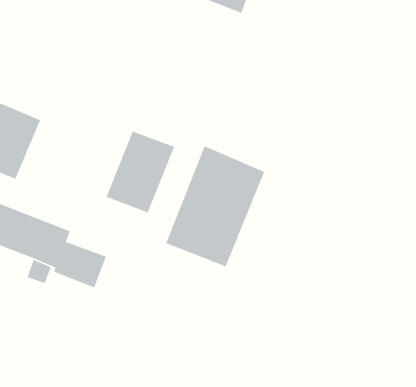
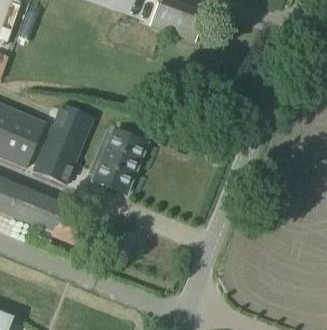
building: none -> [32,103,92,182]
building: [165,145,265,267] -> none

